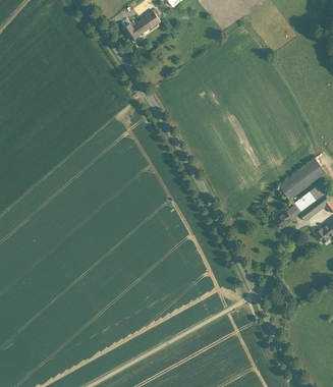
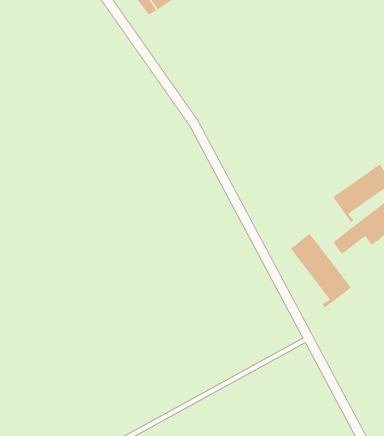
building: none -> [290,233,352,309]

